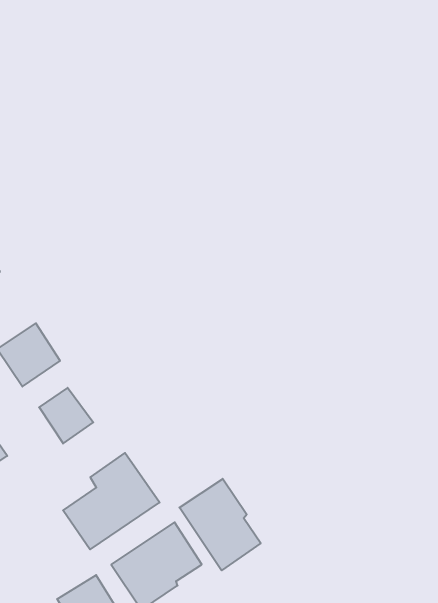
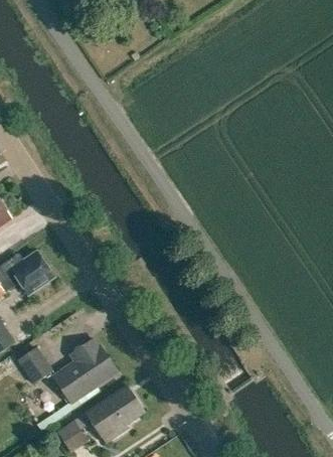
building: [39,388,93,444] -> [18,344,54,382]
building: [179,479,261,570] -> none

